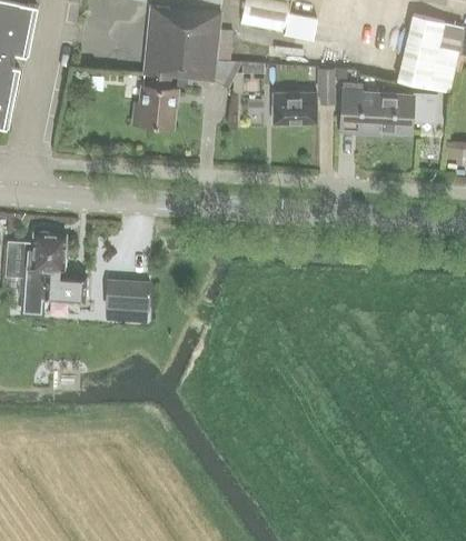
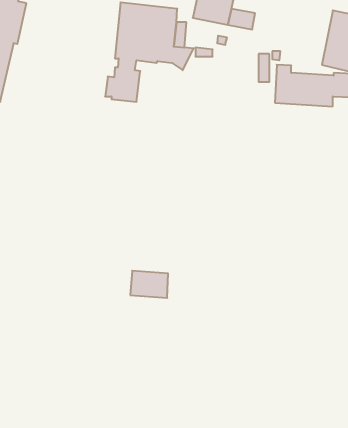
building: [272,91,317,123] -> none
building: [7,232,86,317] -> none
building: [103,278,150,311] -> [130,271,168,298]

